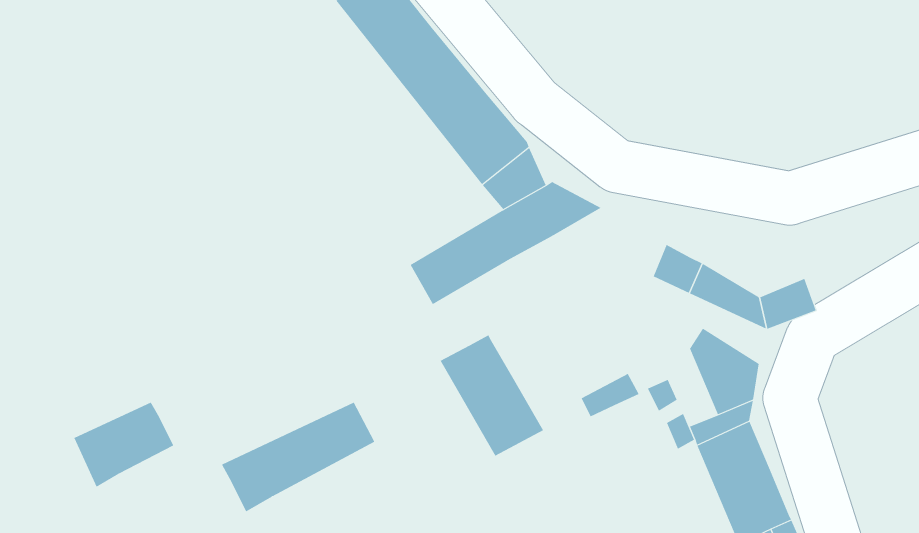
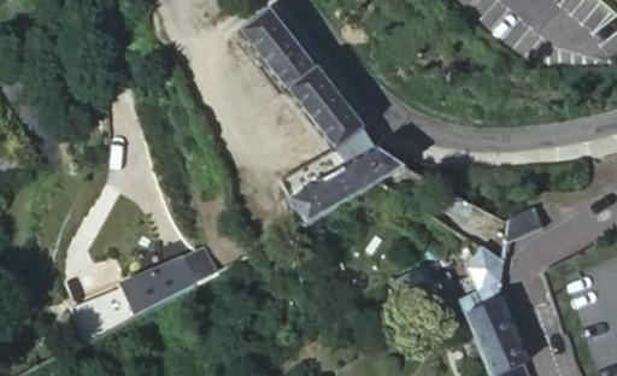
building: [440,335,544,456] -> none
building: [221,402,375,512] -> [121,243,218,313]

